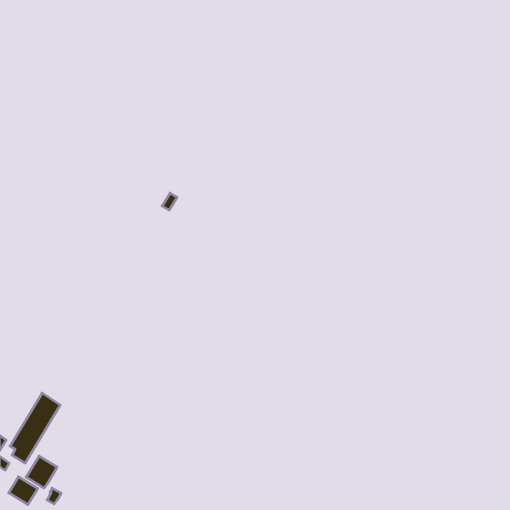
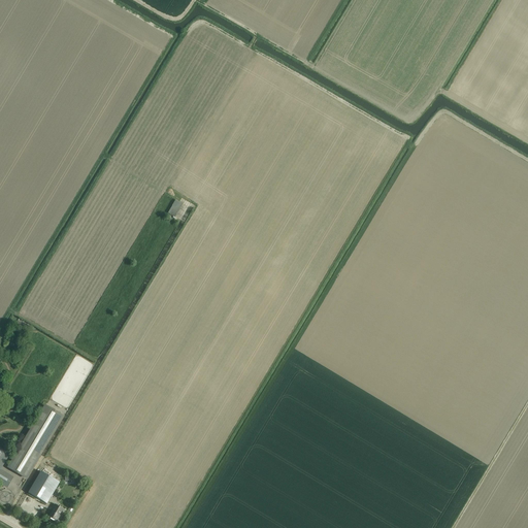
building: [9,477,38,505] -> none

